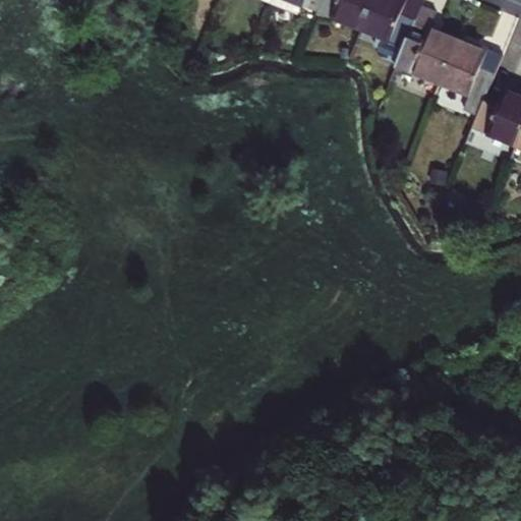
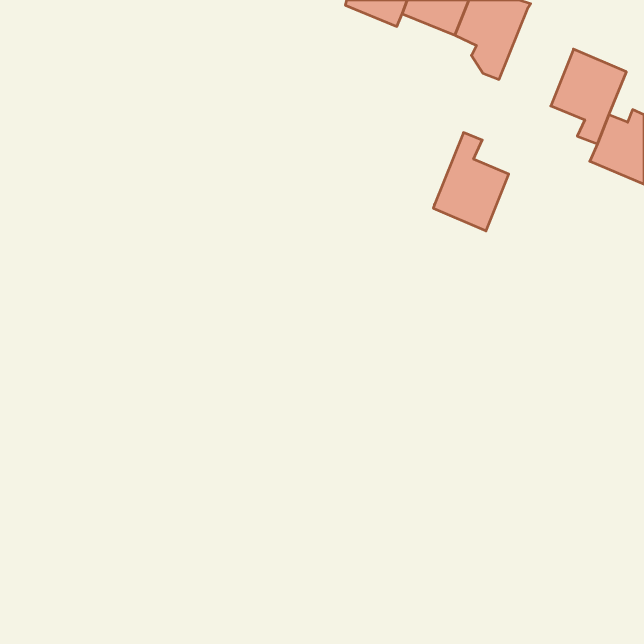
building: [402,6,463,85] -> [433,133,509,231]

